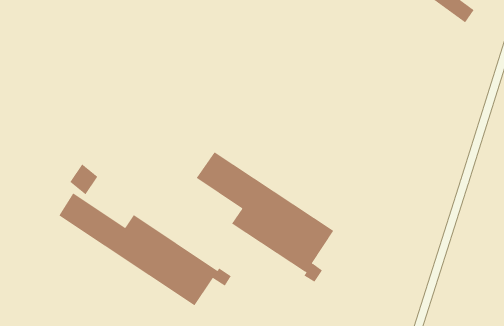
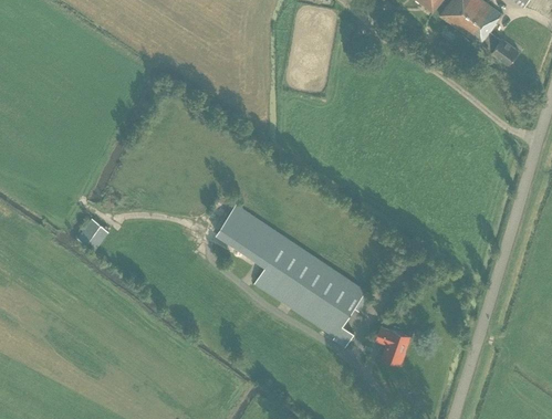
building: [59,193,232,306] -> none
building: none -> [375,325,410,363]

